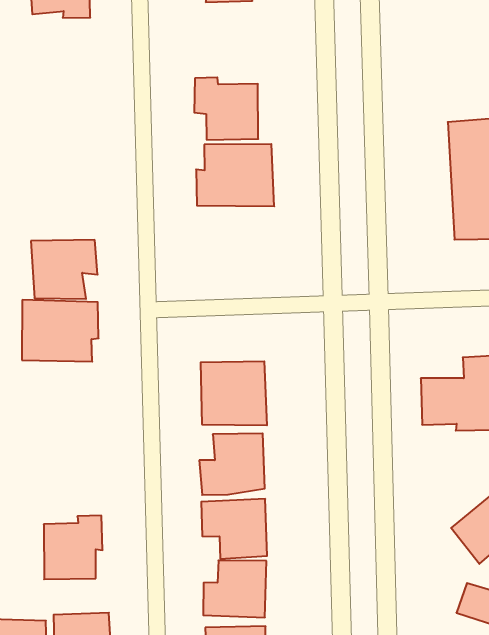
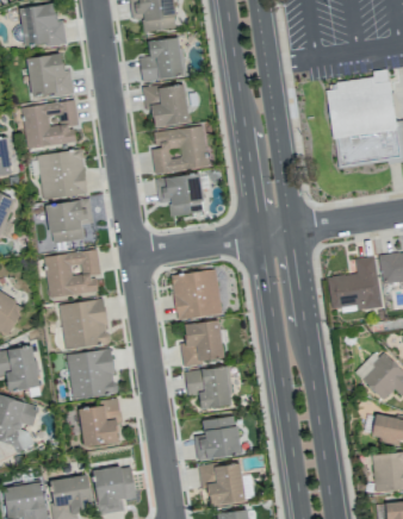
building: none -> [142,38,192,82]
building: none -> [27,62,74,106]
building: none -> [20,108,79,157]
building: none -> [37,157,89,208]
building: none -> [157,174,211,218]
building: none -> [60,299,107,348]
building: none -> [67,349,116,399]

